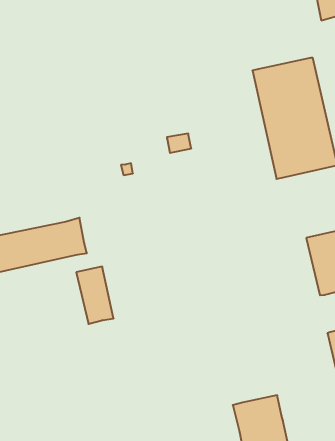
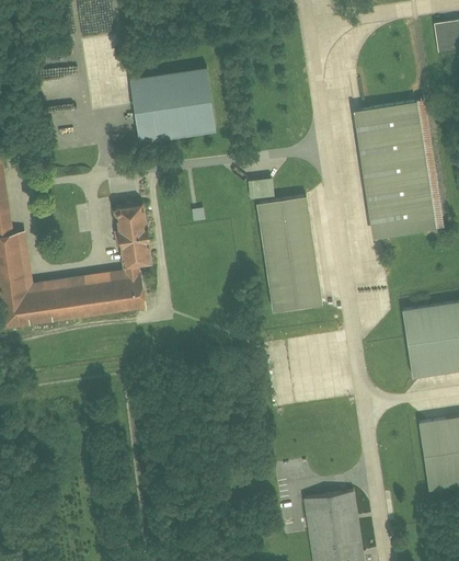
building: none -> [130,68,217,144]
building: none -> [257,197,323,312]
building: [76,267,114,324] -> [114,205,153,271]

